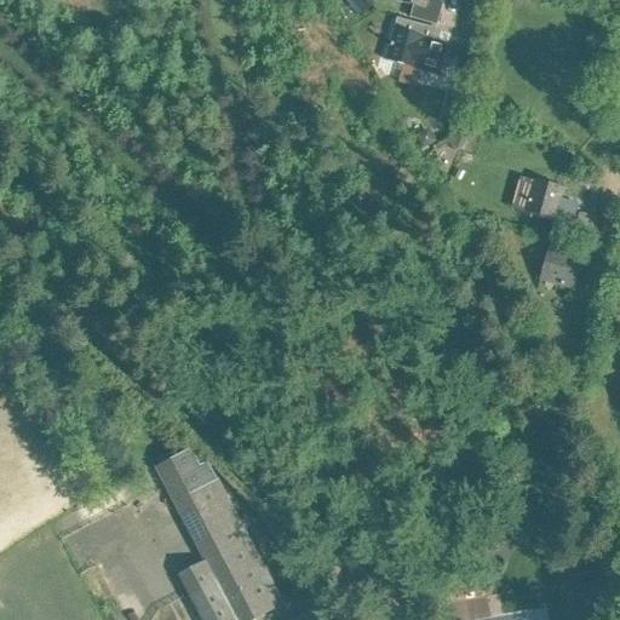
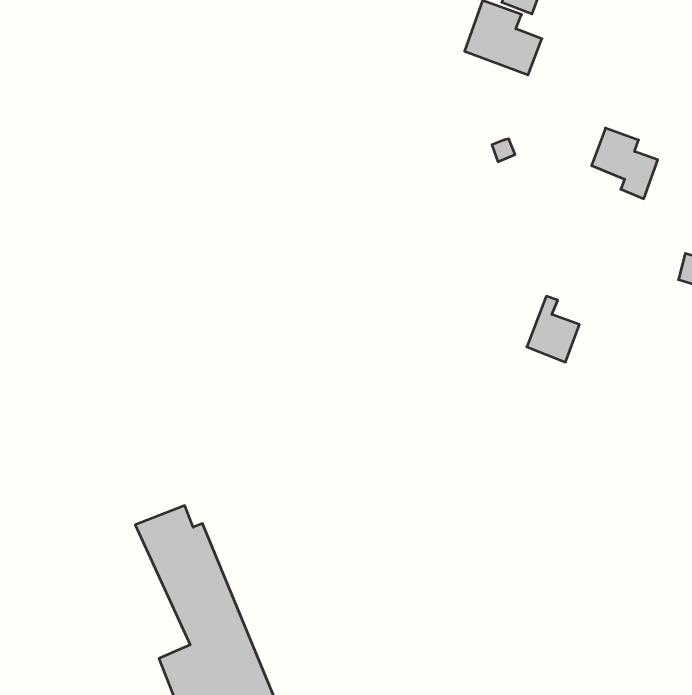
building: [523,178,576,232] -> [592,128,658,199]
building: [538,235,579,287] -> [527,296,579,362]

